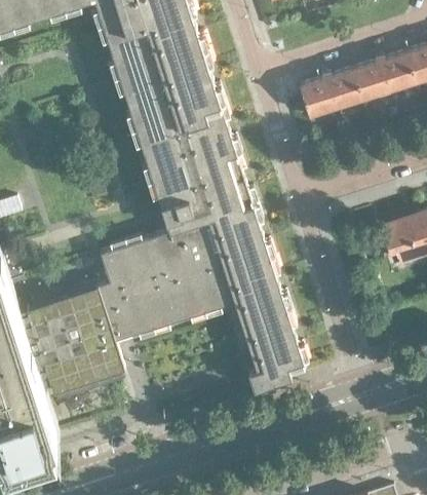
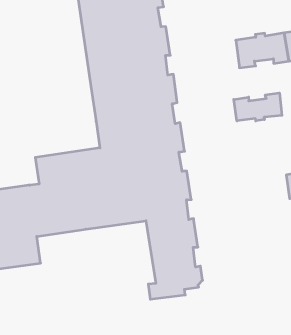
building: none -> [234,93,282,121]

